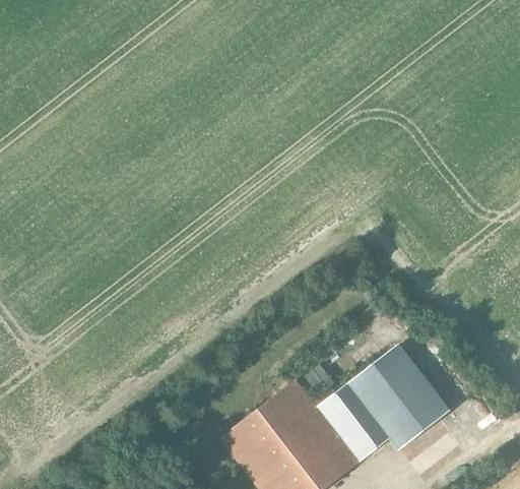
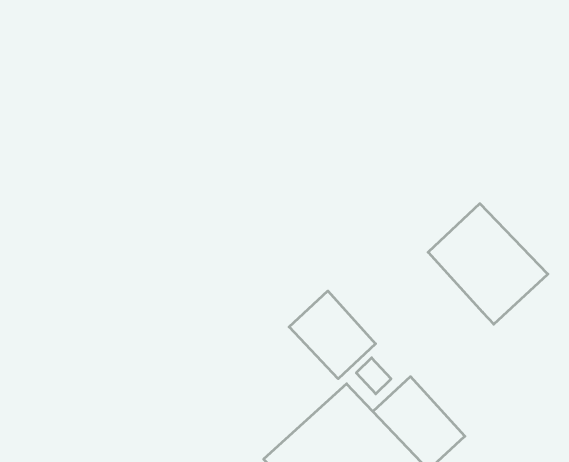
building: none -> [289,291,376,379]
building: [351,346,449,447] -> [428,204,548,324]

